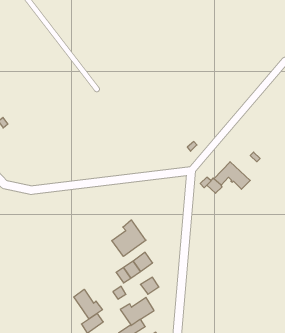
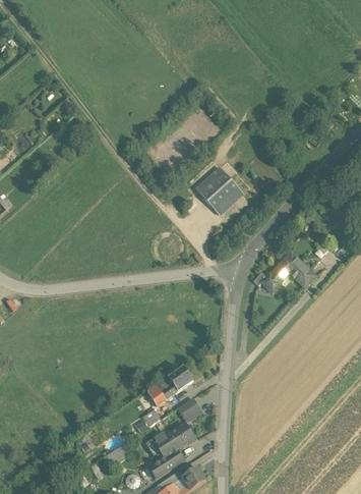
building: none -> [196,165,242,212]
building: [112,220,146,256] -> none
building: [74,289,102,319] -> none

